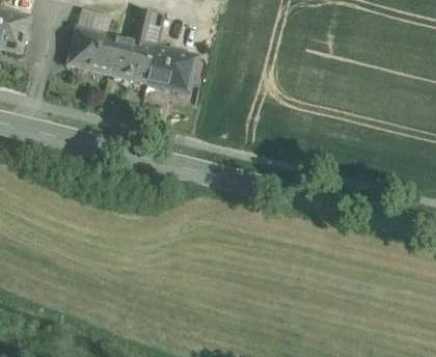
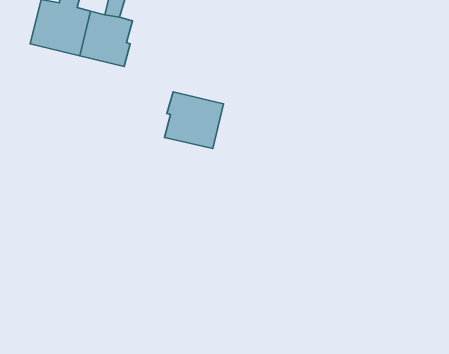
building: [147,45,198,93] -> [165,92,224,148]

